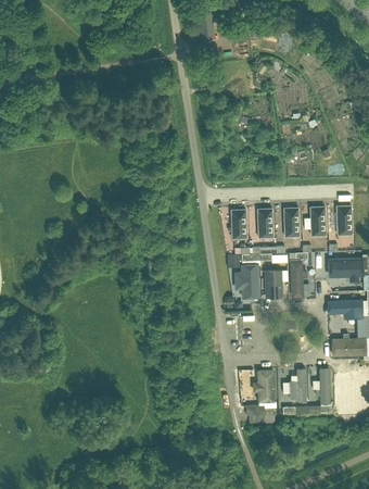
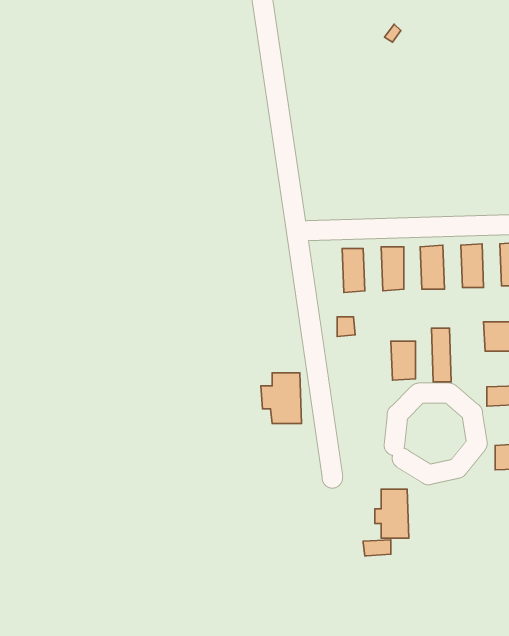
building: [234,266,262,300] -> [261,373,301,423]
building: [315,364,330,401] -> none
building: [289,366,307,401] -> none

